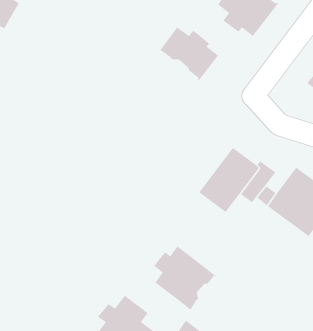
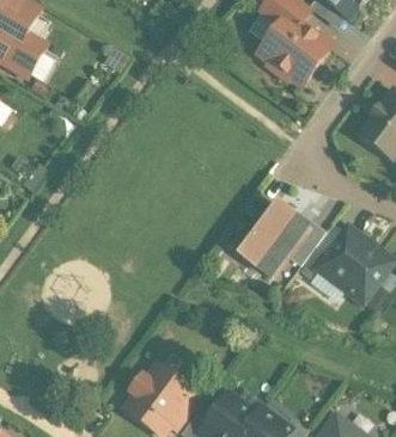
building: [159,27,219,81] -> none
building: [153,245,217,310] -> none

